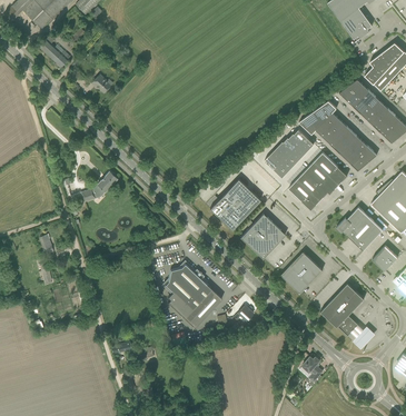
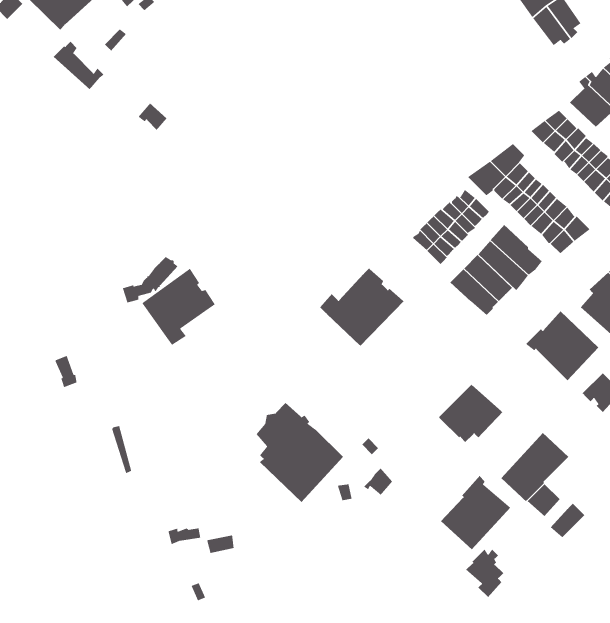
building: none -> [140,267,217,346]
building: [240,214,285,259] -> none
building: none -> [440,475,511,550]

